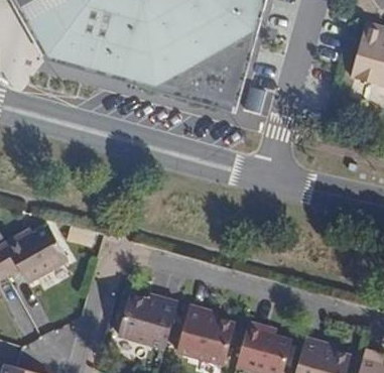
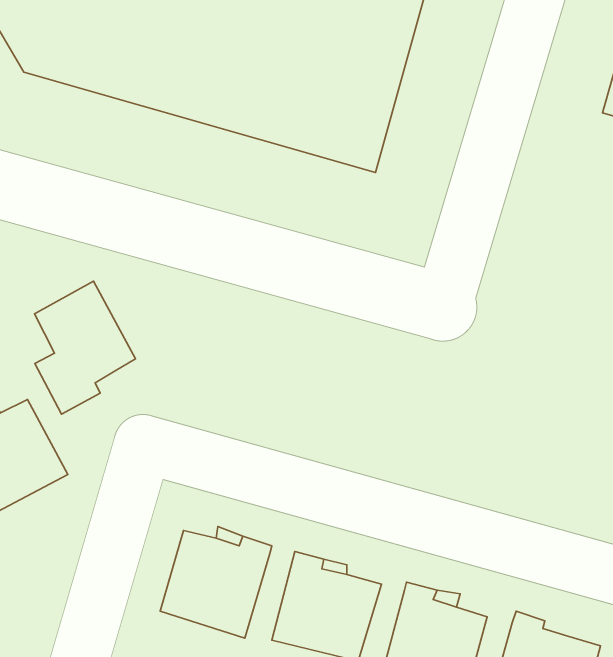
building: none -> [35,281,135,414]

